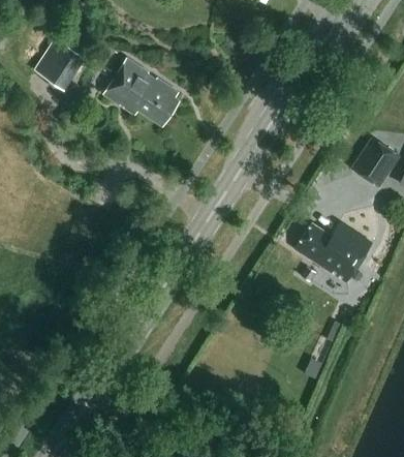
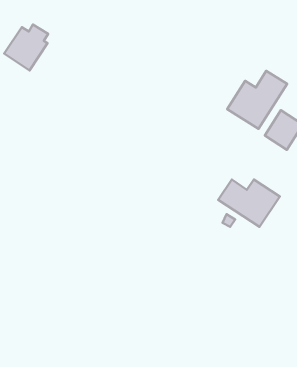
building: [105,61,179,126] -> none
building: none -> [227,71,287,129]

